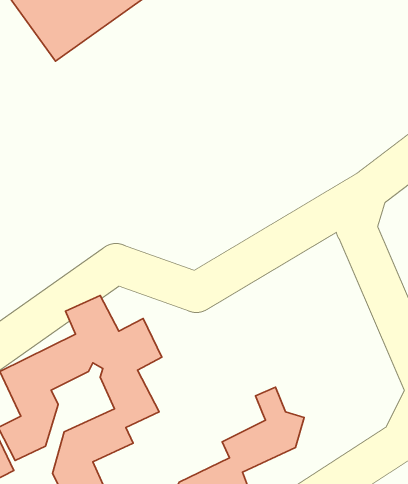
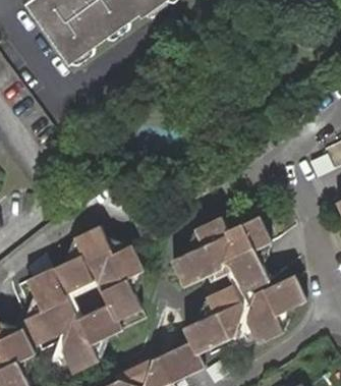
building: none -> [174,214,273,291]
building: none -> [246,278,304,344]

